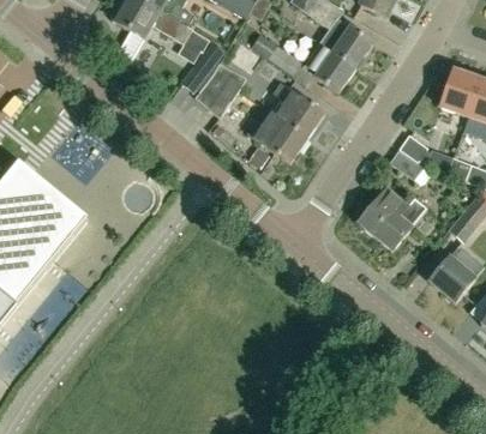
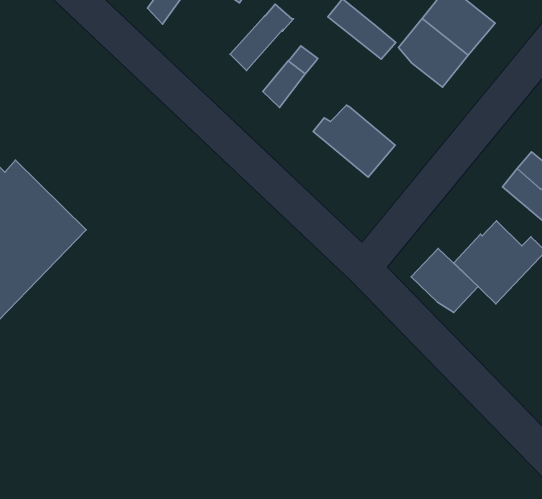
building: [271,83,324,138] -> none
building: none -> [411,249,478,313]

